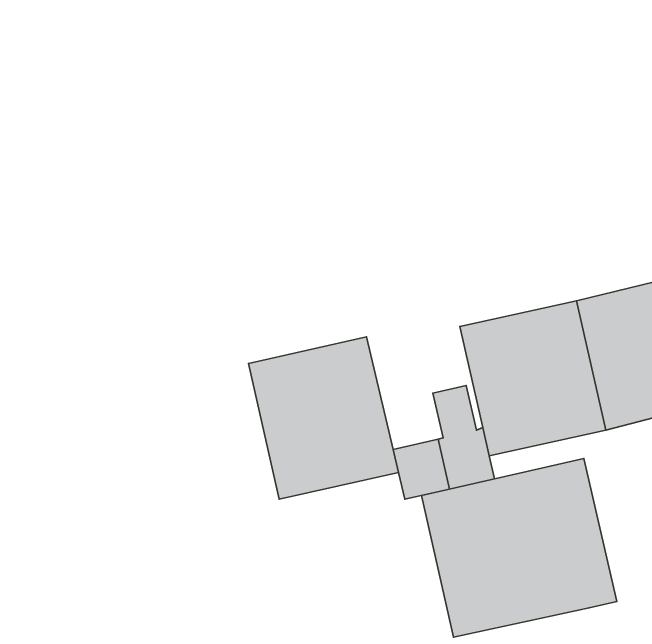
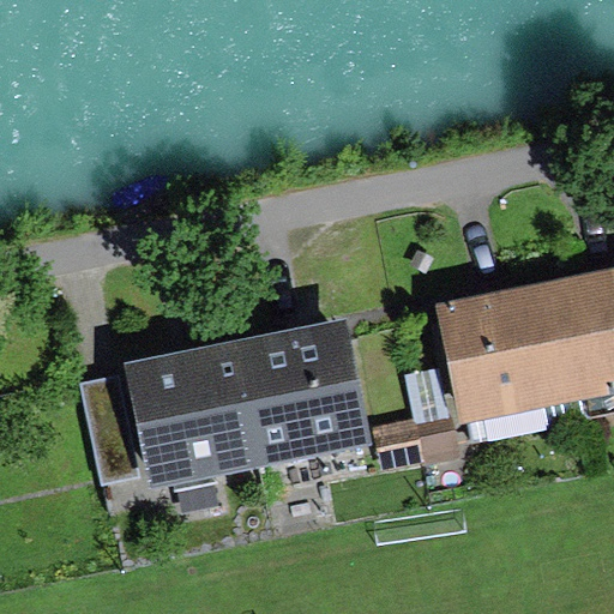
building: none -> [80,341,264,493]
building: [421,458,617,637] -> none

